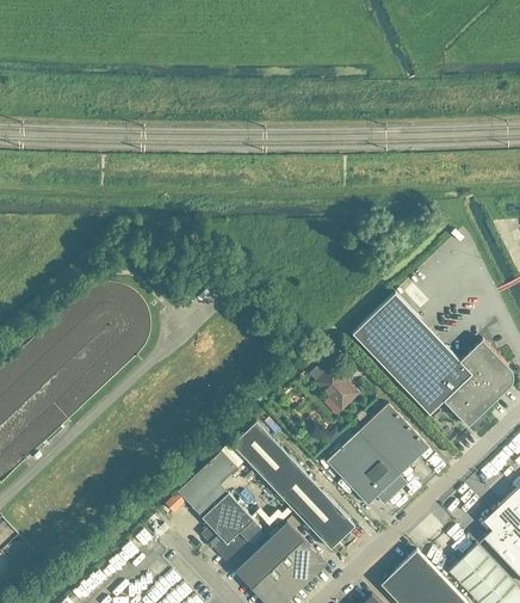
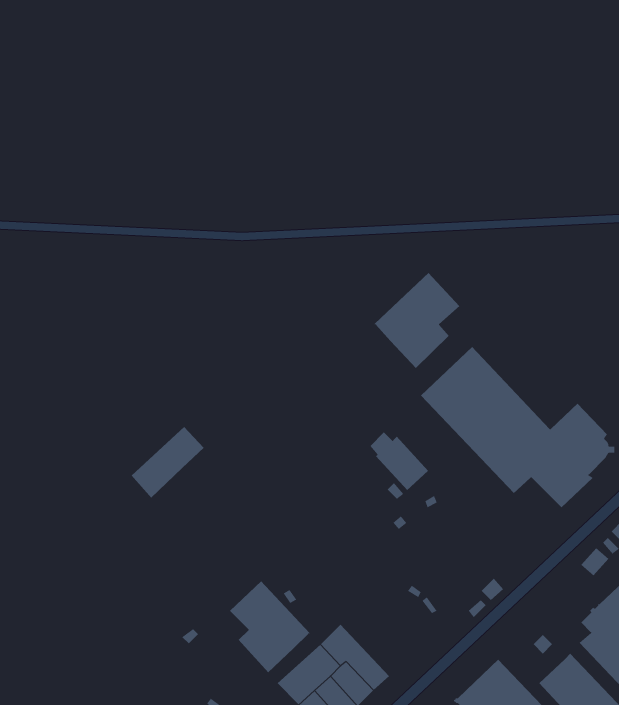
building: none -> [374,272,460,369]
building: [327,406,428,507] -> none
building: [231,423,355,550] -> none
building: [178,451,239,511] -> [131,426,204,499]

